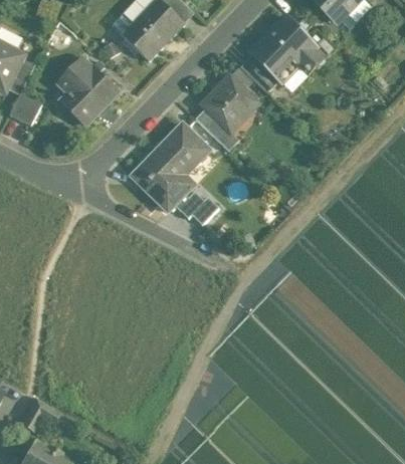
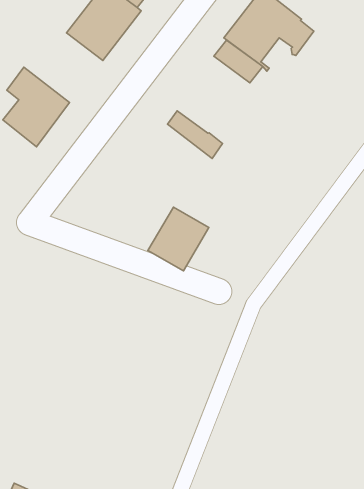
building: [200,74,256,130] -> none
building: [131,123,209,211] -> none

